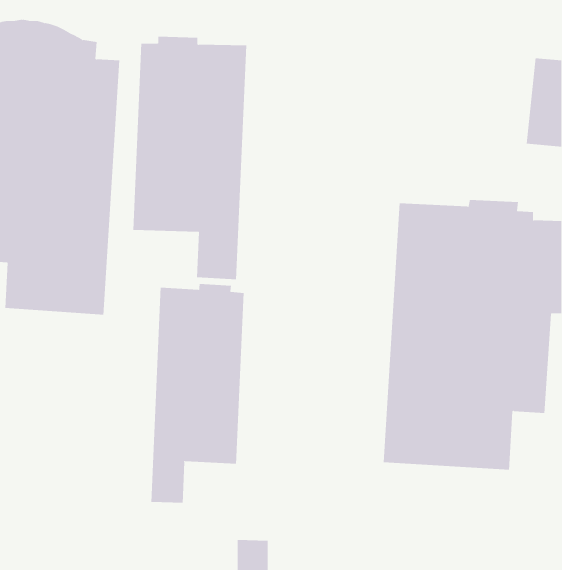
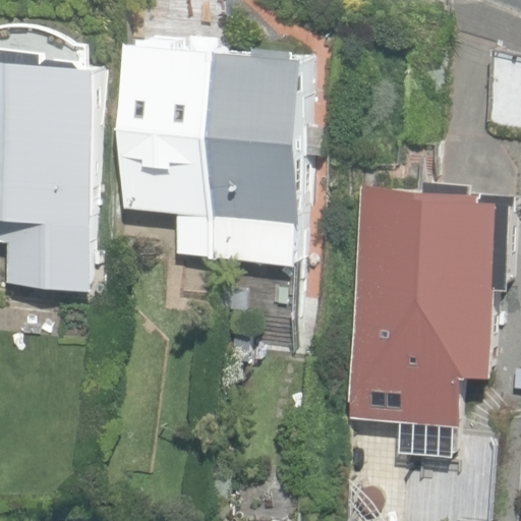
building: none -> [213,49,309,263]
building: [151,283,244,503] -> none

